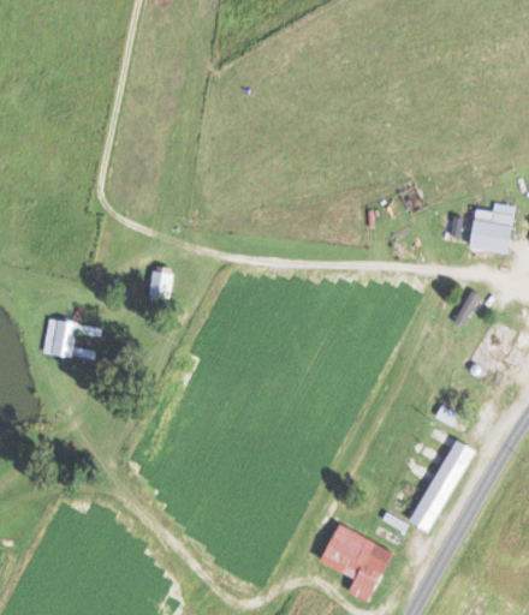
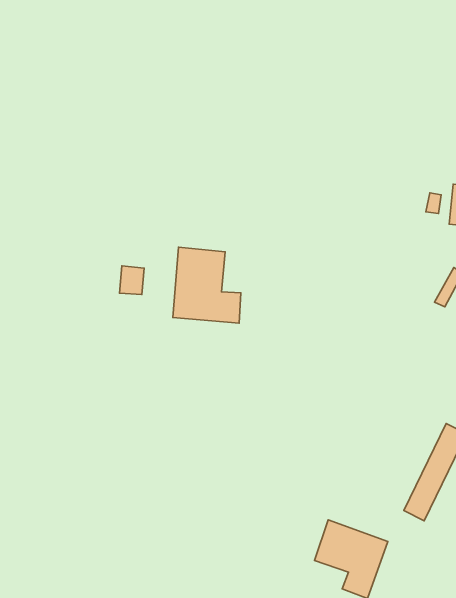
building: none -> [173,247,241,323]
building: [42,320,97,358] -> none

